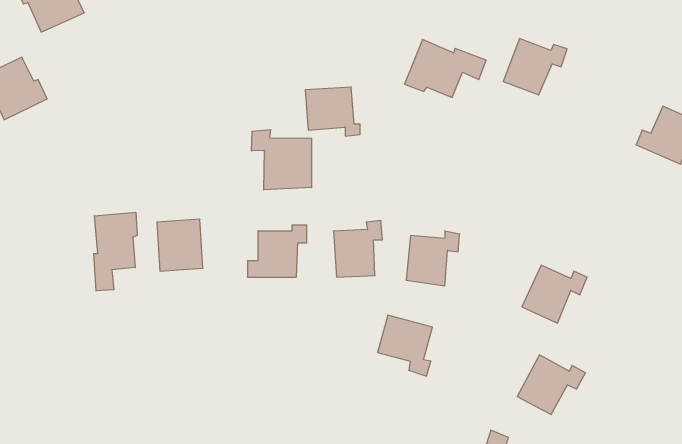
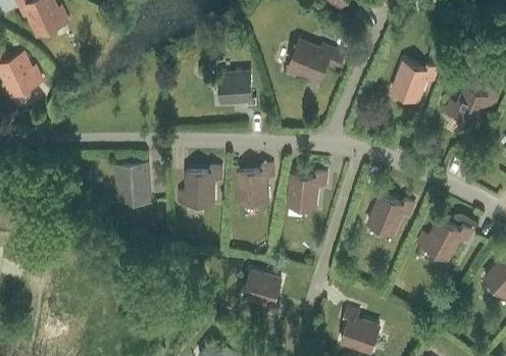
building: [503,38,567,95] -> [392,62,436,101]
building: [252,130,312,190] -> none
building: [94,212,137,291] -> none
building: [378,315,432,376] -> [243,272,281,314]
building: [517,355,585,414] -> [423,219,470,260]

